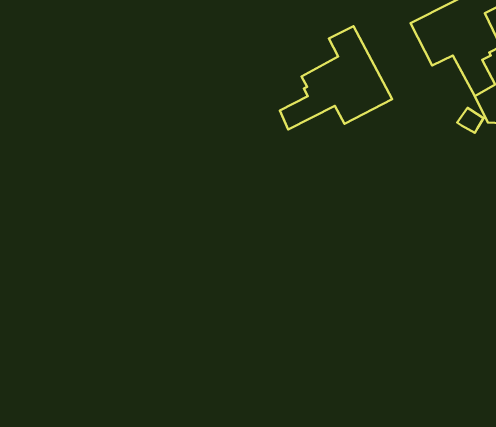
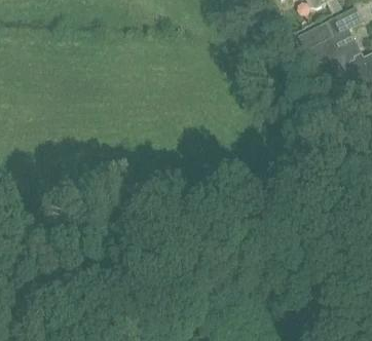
building: [280,26,392,129] -> none

